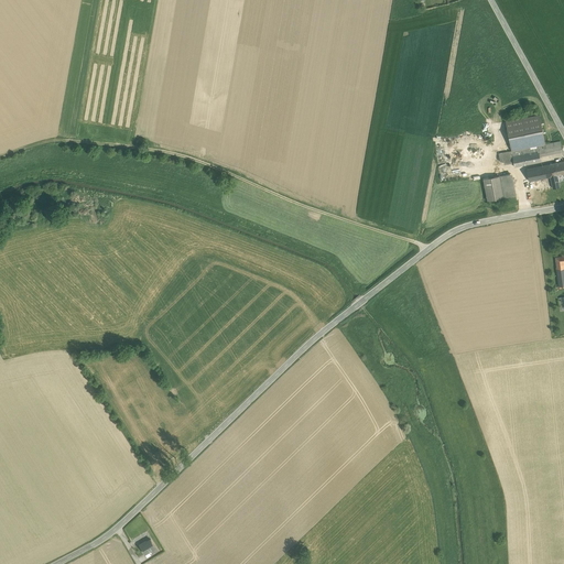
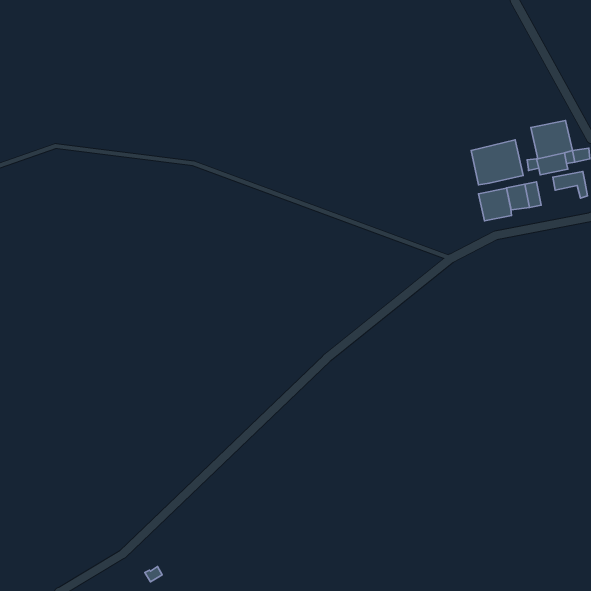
building: none -> [471,140,523,185]
building: none -> [478,188,512,221]

